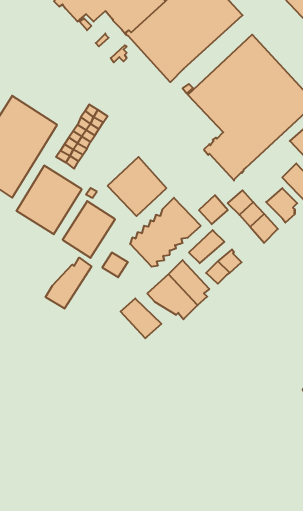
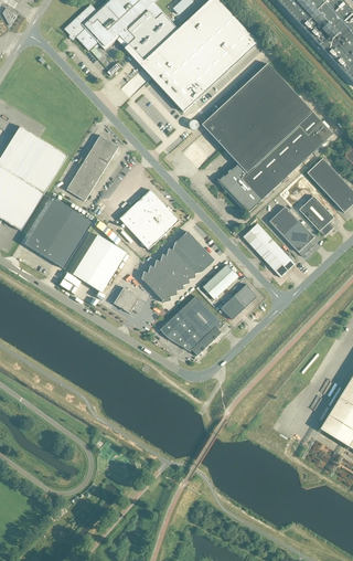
building: [199,195,228,224] -> [269,204,299,234]
building: [46,258,91,309] -> none
building: [121,298,161,338] -> none

